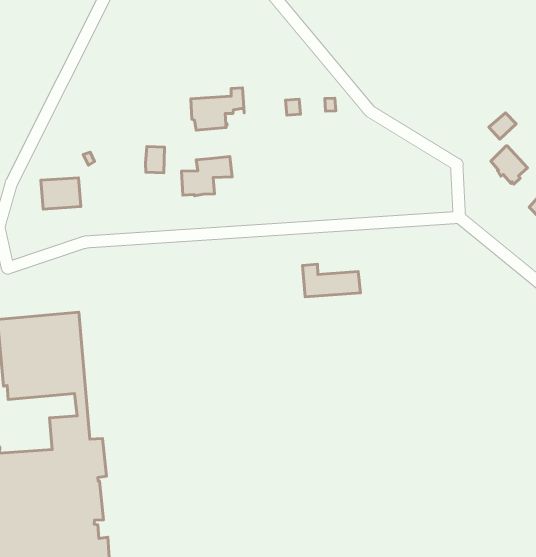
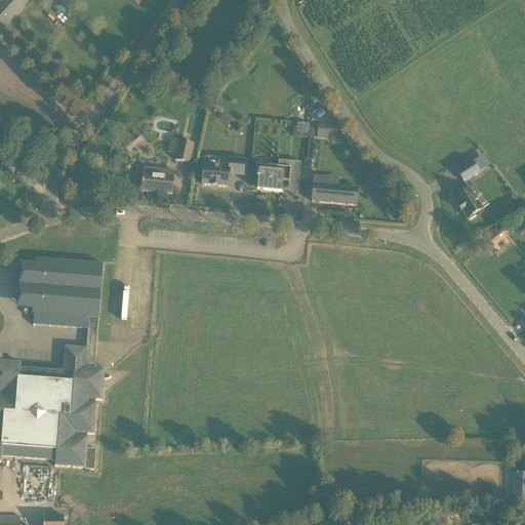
building: [191,88,244,130] -> [253,159,298,190]
building: [41,178,81,209] -> [139,164,172,191]
building: [302,264,361,297] -> [310,173,356,203]

